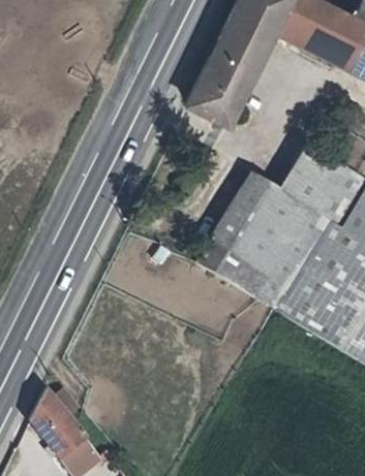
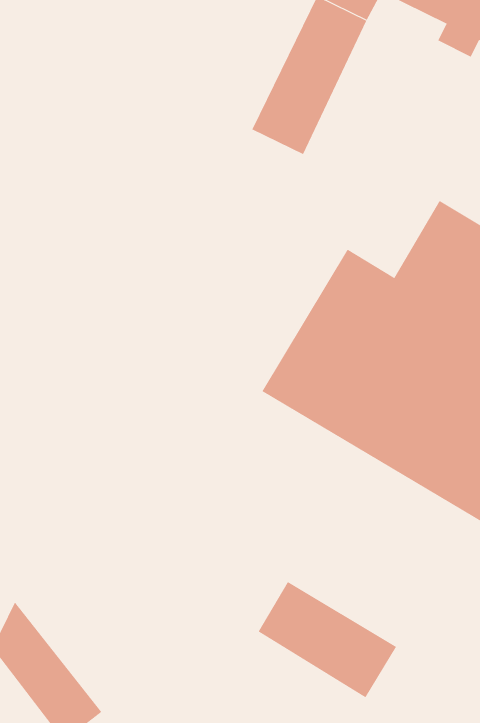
building: none -> [258,581,397,698]

